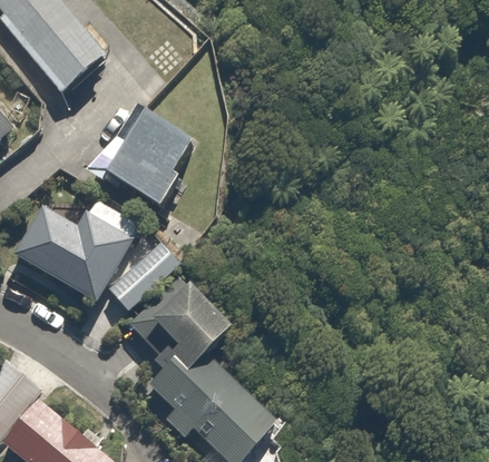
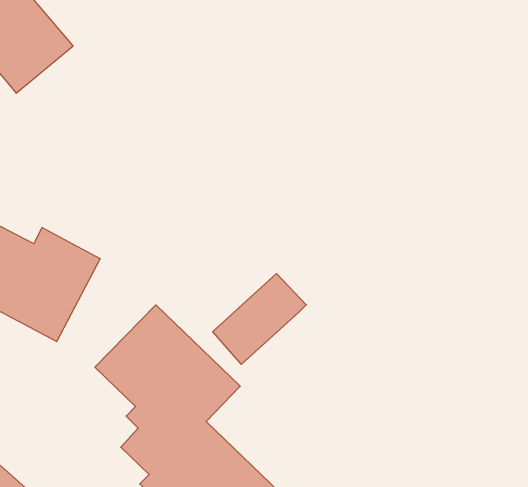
building: [89,110,195,209] -> none
building: [105,236,182,311] -> [213,274,306,364]

